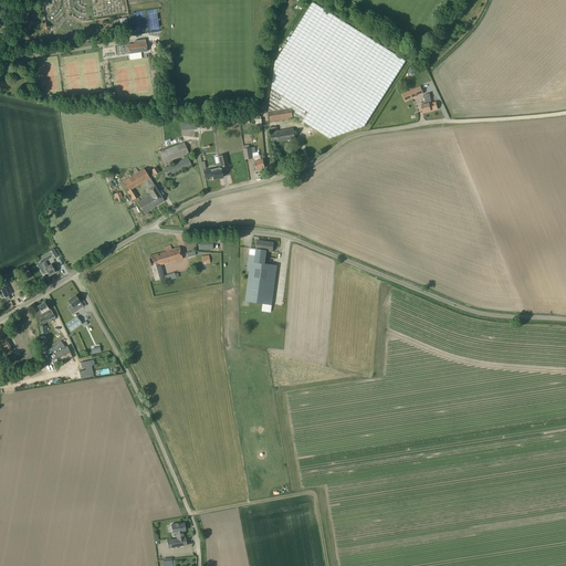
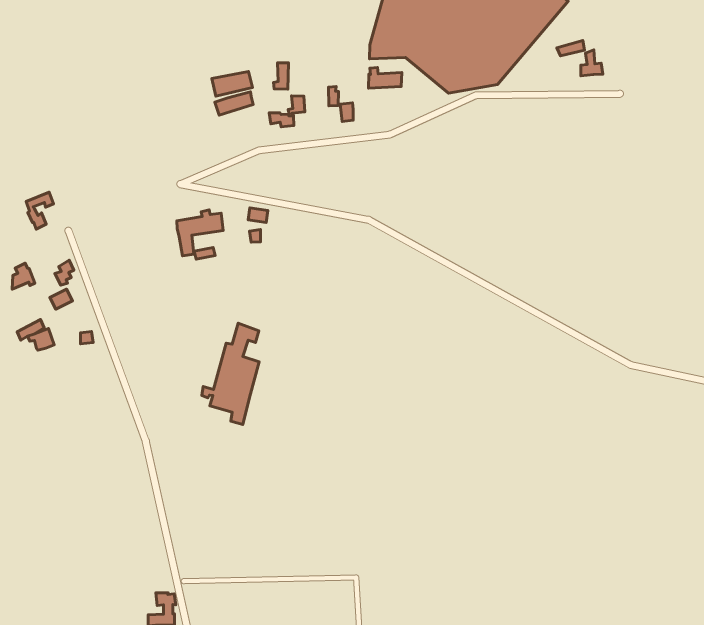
building: [122,167,164,212] -> none
building: [239,239,276,311] -> [202,323,259,424]

